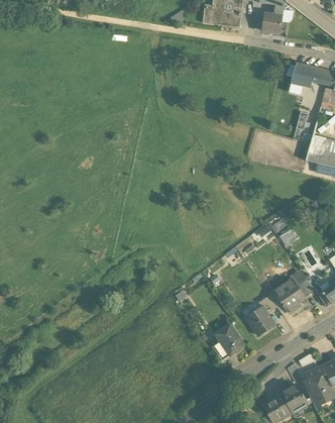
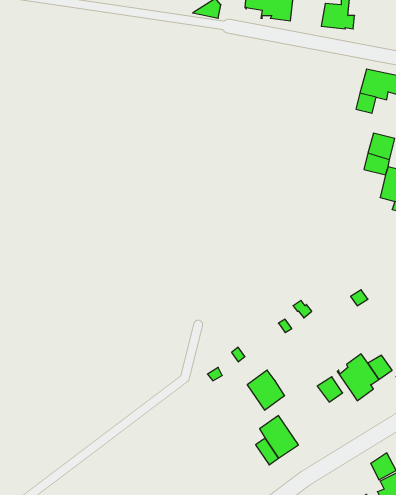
building: [246,306,274,336] -> [247,370,285,410]

